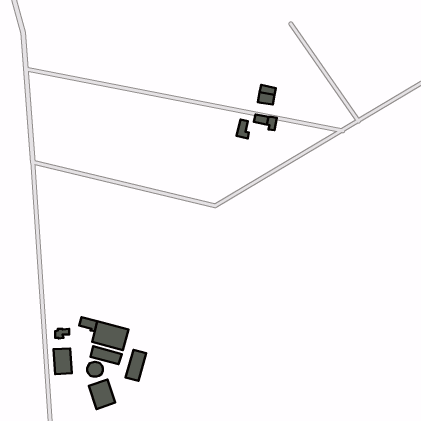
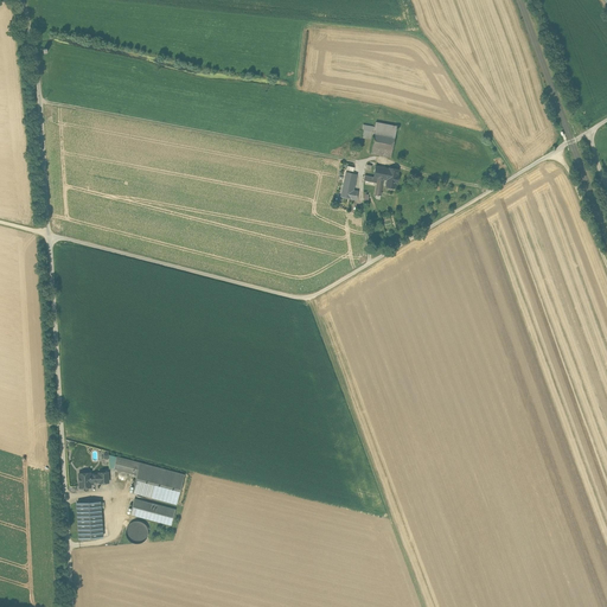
building: [126,350,146,381] -> none
building: [89,379,115,409] -> none

